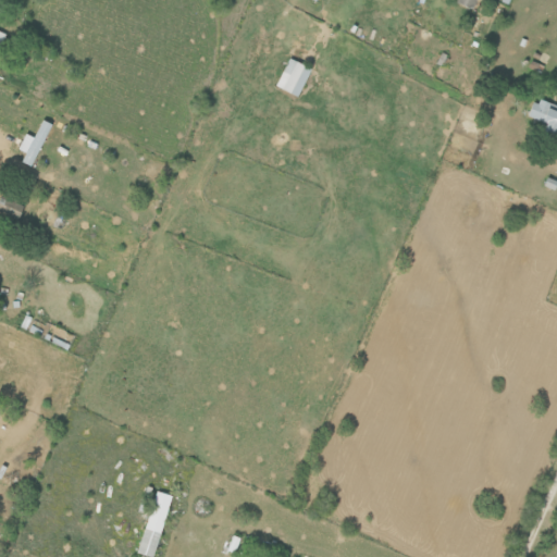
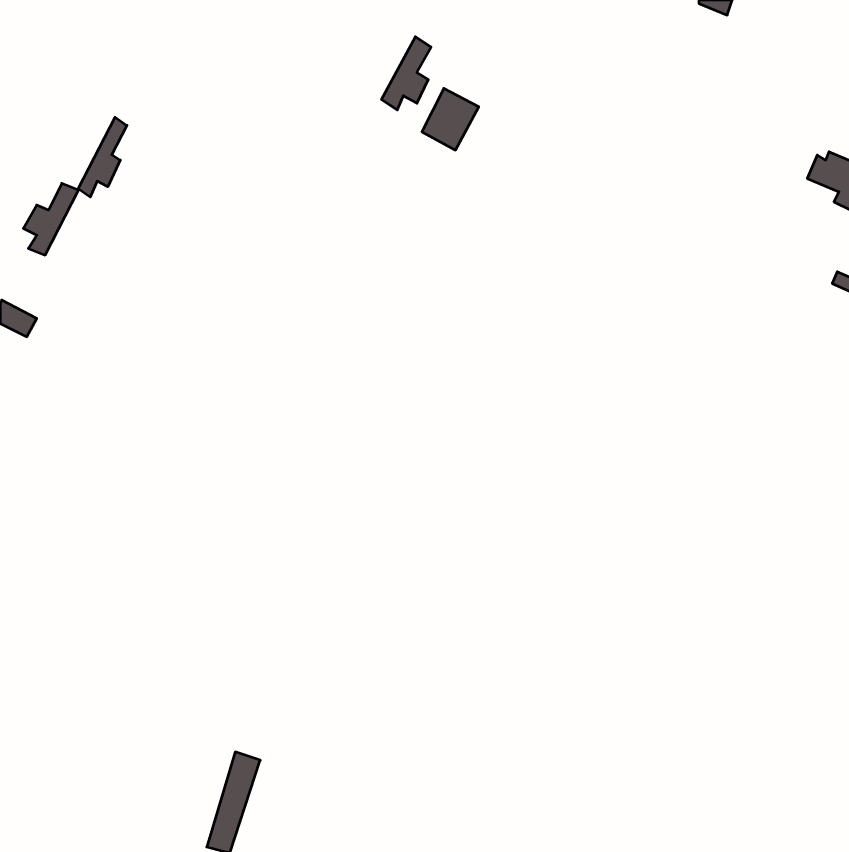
building: none -> [382,37,431,110]
building: none -> [78,117,127,197]

